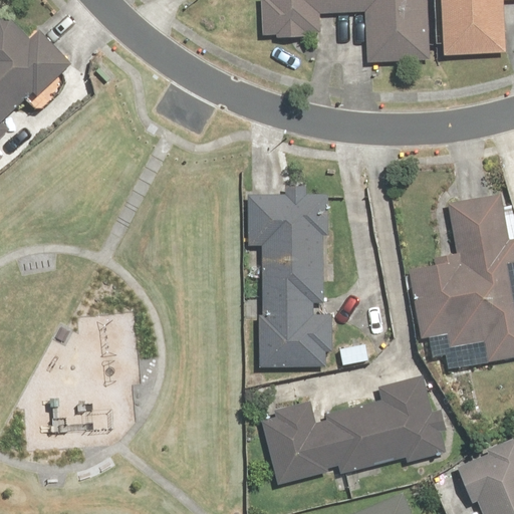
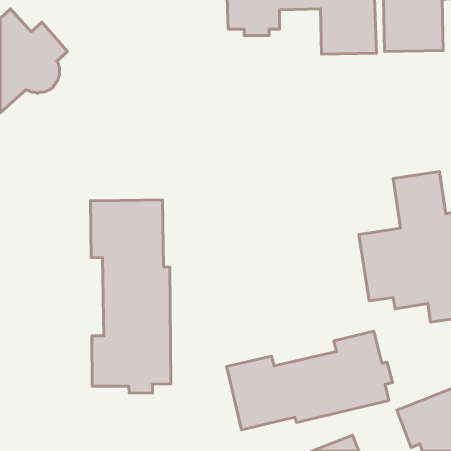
building: [245,187,335,365] -> none
building: none -> [91,200,171,393]

